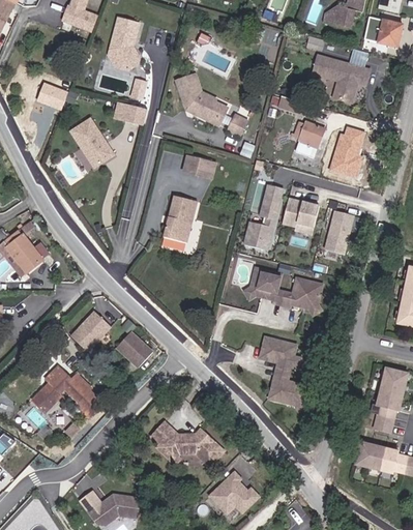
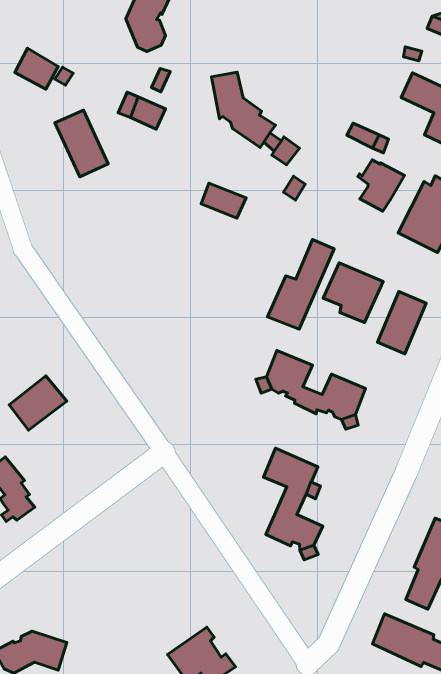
building: [163,196,197,242] -> none
building: [115,331,152,367] -> none
building: [151,422,223,467] -> none

